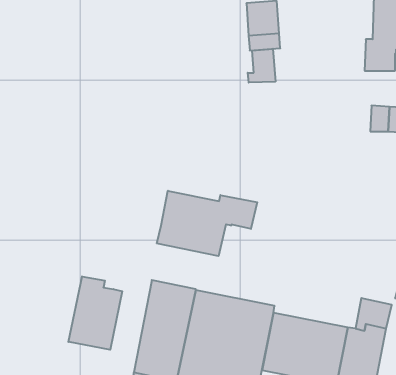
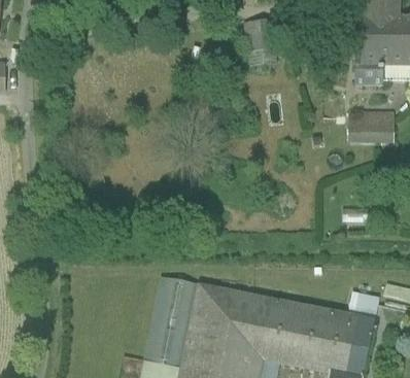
building: [248,49,275,83] -> none
building: [157,191,257,256] -> none
building: [68,276,122,350] -> none

